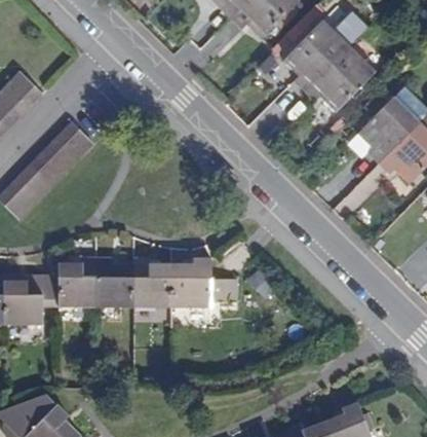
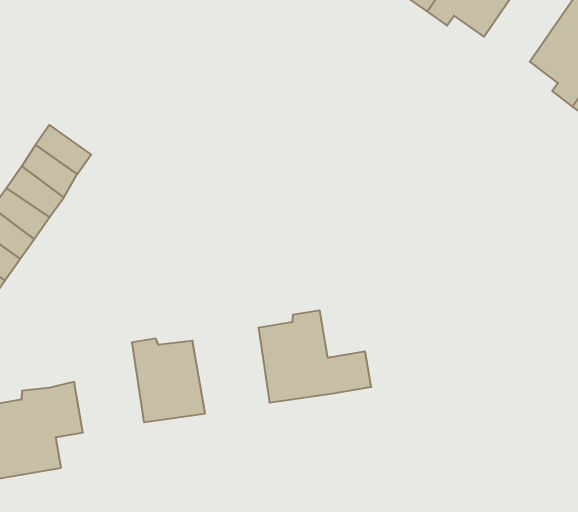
building: [59,256,96,305] -> none
building: [132,257,172,306] -> none

